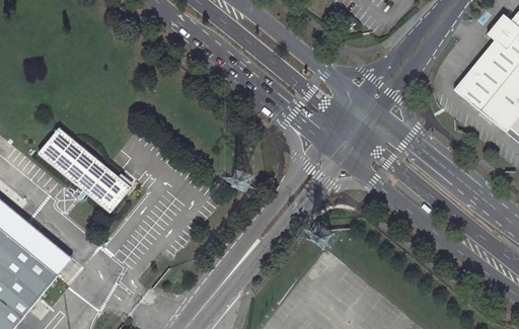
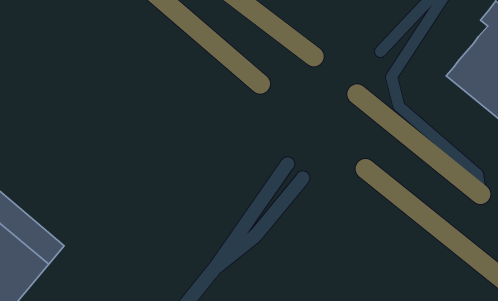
building: [40,130,130,212] -> none

